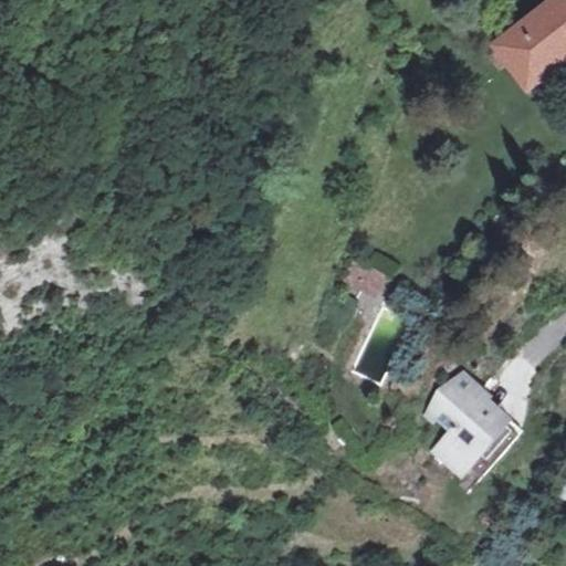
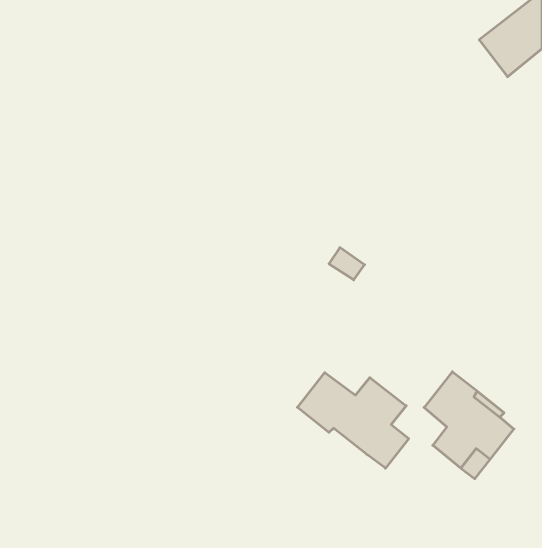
building: none -> [297,373,409,468]

